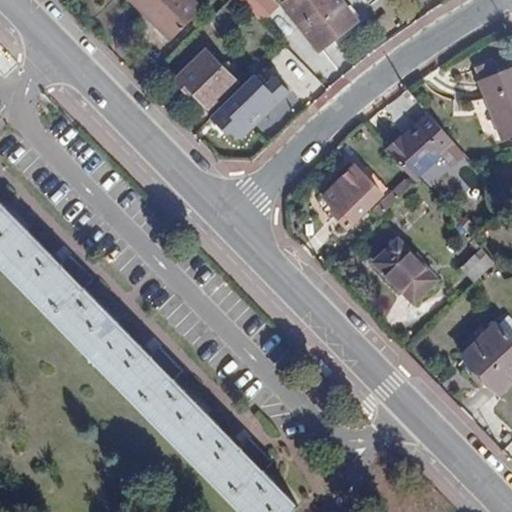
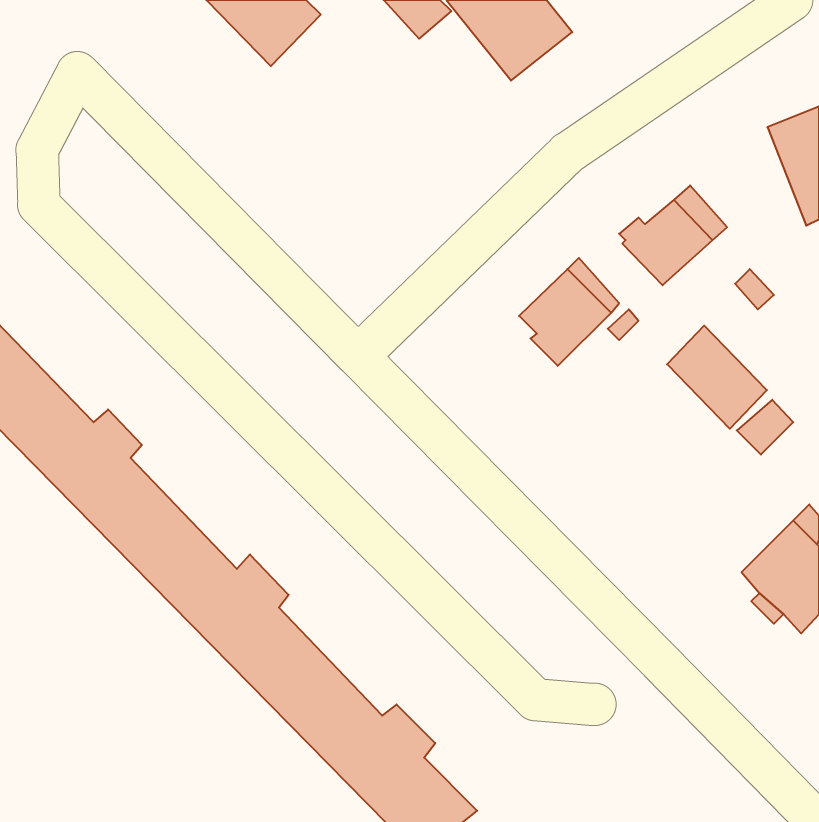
building: [174,52,235,109] -> none
building: [208,76,290,148] -> none
building: [372,239,434,303] -> [667,326,767,429]

